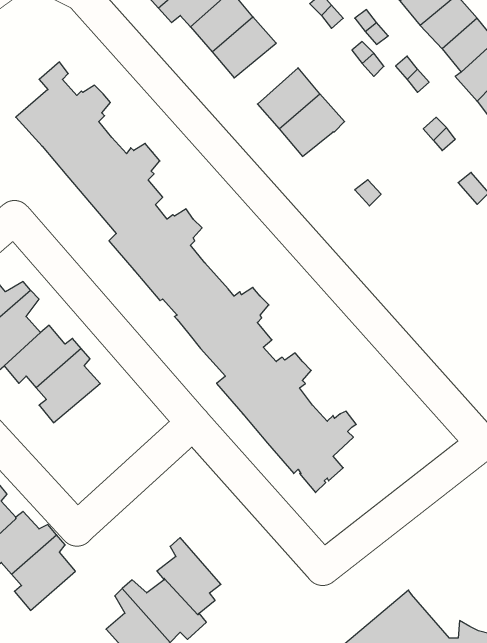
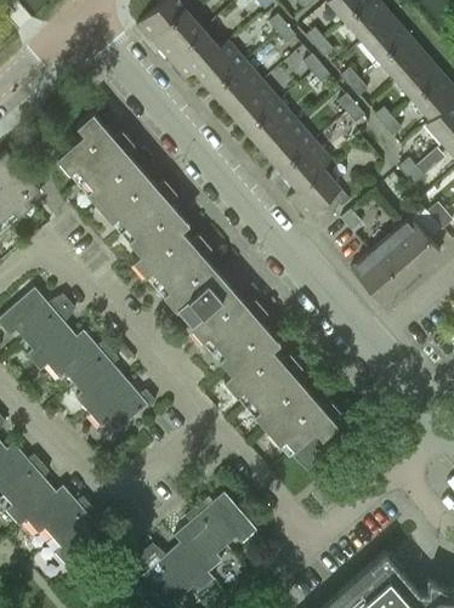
building: none -> [239,95,293,146]
building: none -> [288,169,350,217]
building: none -> [348,216,439,302]
building: none -> [89,379,157,432]
building: none -> [194,493,257,546]

